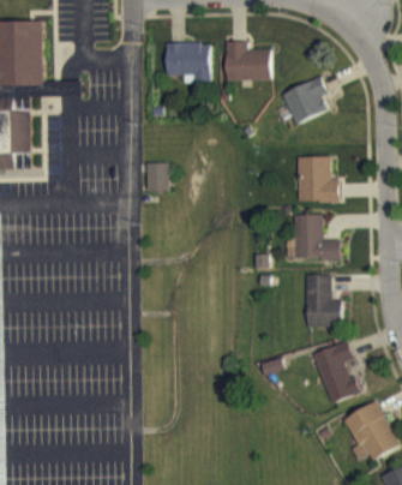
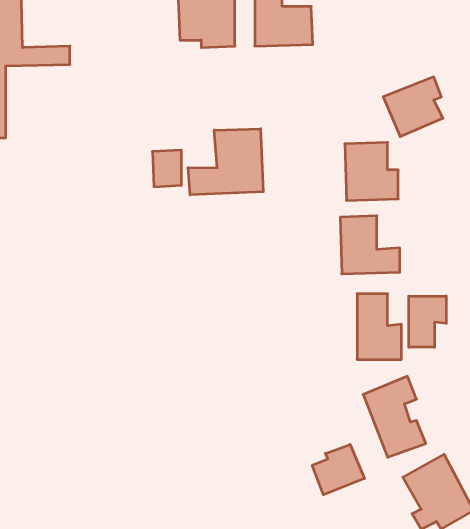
building: [281,76,328,122] -> [383,77,443,137]
building: none -> [188,129,263,195]
building: none -> [409,296,446,347]
building: none -> [312,444,364,495]

